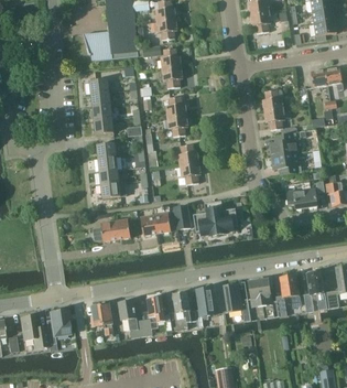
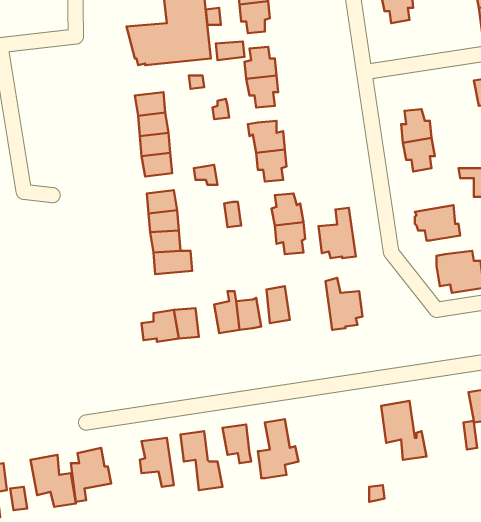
building: [270,132,297,157] -> none
building: [194,202,218,235] -> [319,208,356,258]
building: [276,277,301,316] -> none
building: [224,283,251,321] -> none
building: [194,288,215,327] -> none

